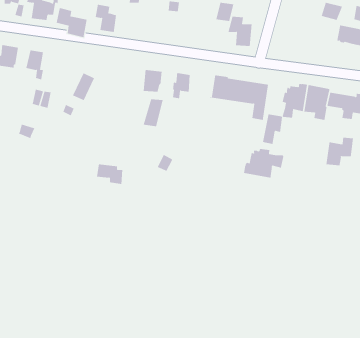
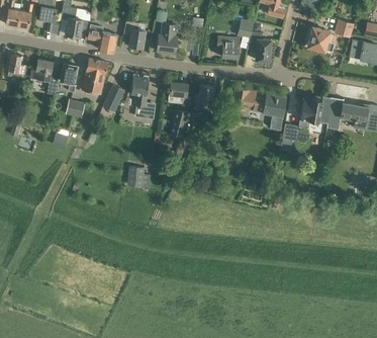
building: none -> [157,23,177,54]
building: none -> [307,27,335,52]
building: none -> [217,36,240,59]
building: none -> [82,58,108,94]
building: none -> [131,77,155,119]
building: [326,137,353,166] -> none
building: [243,148,284,179] -> none

